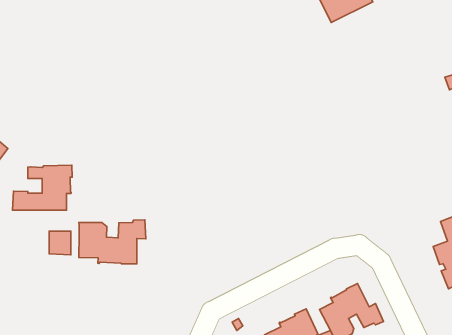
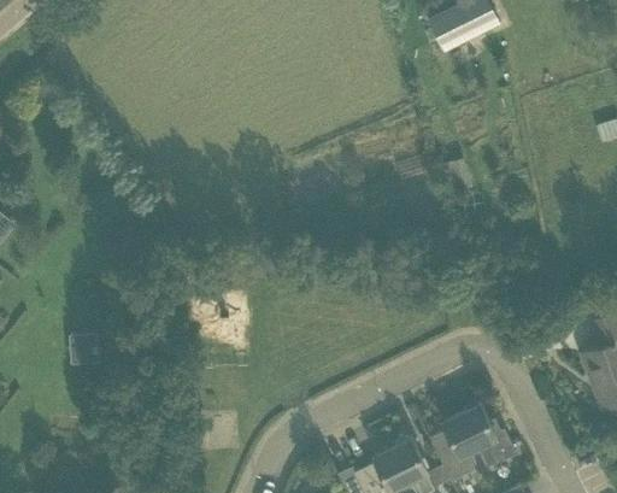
building: [12,165,72,210] -> none
building: [79,220,146,264] -> none

